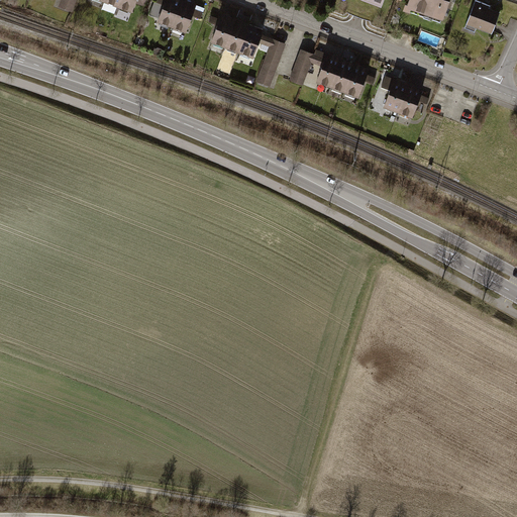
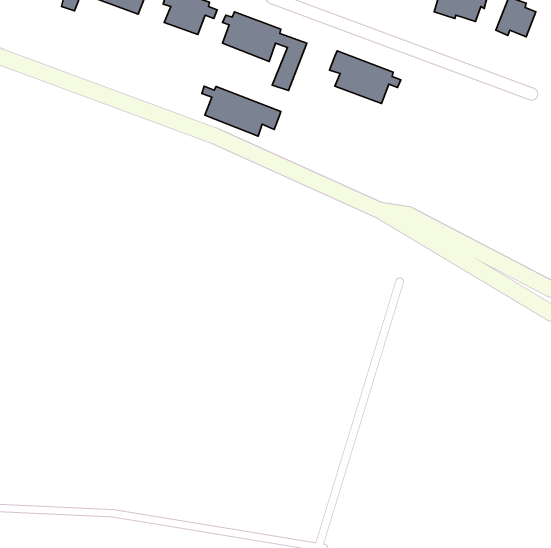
building: [287,47,313,85] -> none
building: [378,74,428,118] -> none
building: none -> [202,86,281,136]

